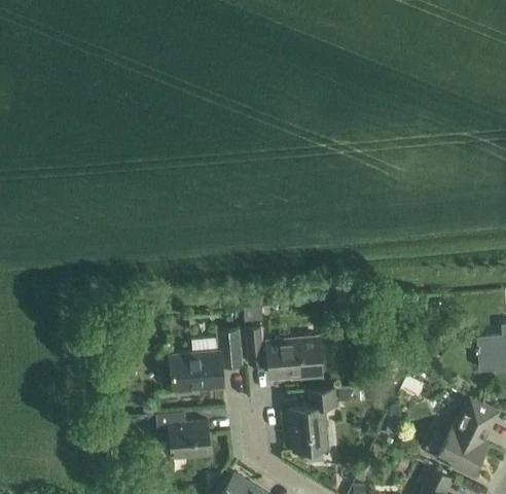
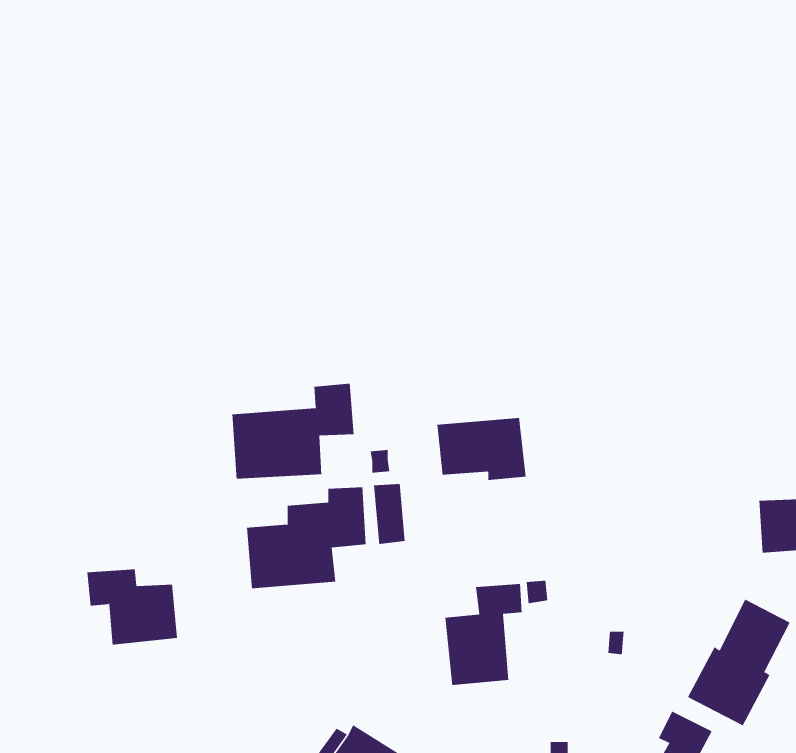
building: none -> [232,383,354,480]
building: [267,339,322,377] -> [437,418,527,480]
building: [155,413,211,459] -> [86,569,178,645]

